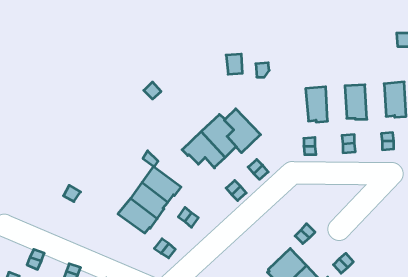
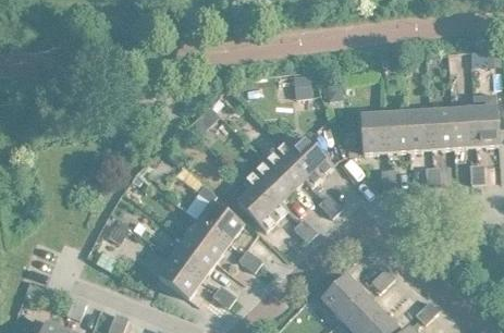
building: none -> [451,107,475,147]
building: none -> [406,109,430,149]
building: none -> [360,112,386,152]
building: none -> [236,187,286,229]
building: none -> [157,255,200,297]
building: none -> [321,274,366,318]

